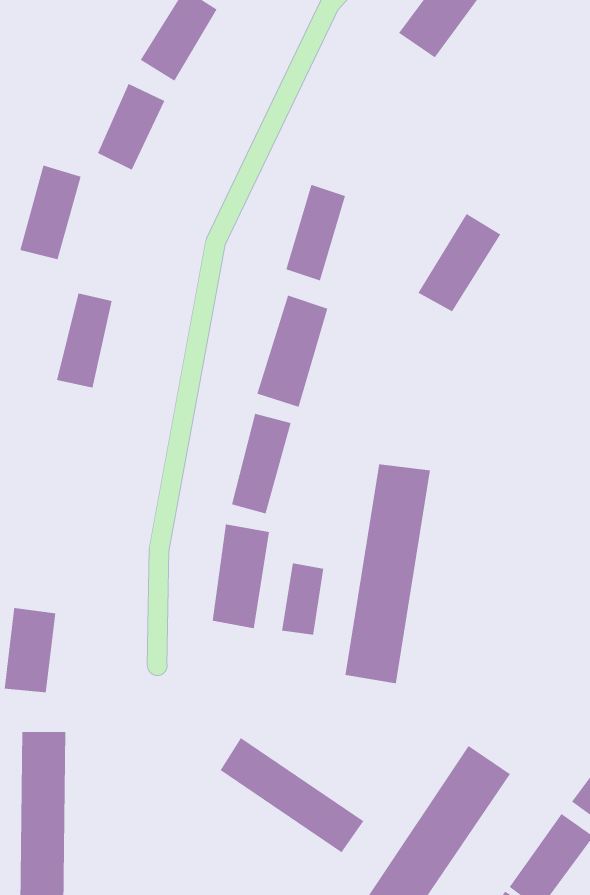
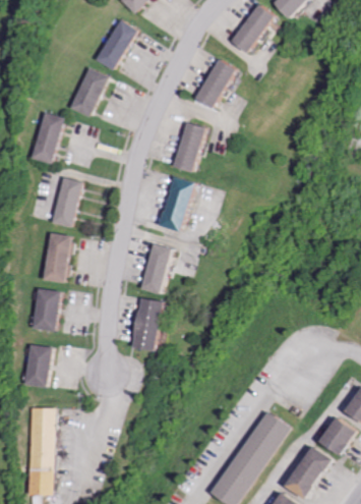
building: [418,213,501,312] -> [193,59,237,111]
building: none -> [42,232,70,284]
building: [345,463,430,684] -> none
building: none -> [33,287,61,330]
building: [281,563,324,635] -> none
building: [220,737,364,853] -> none

